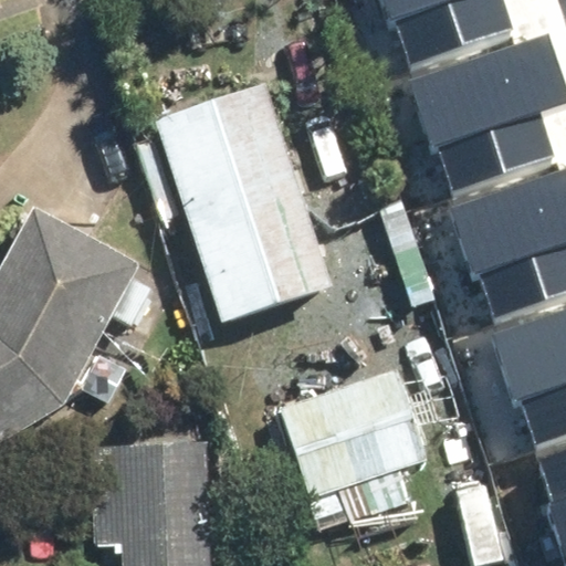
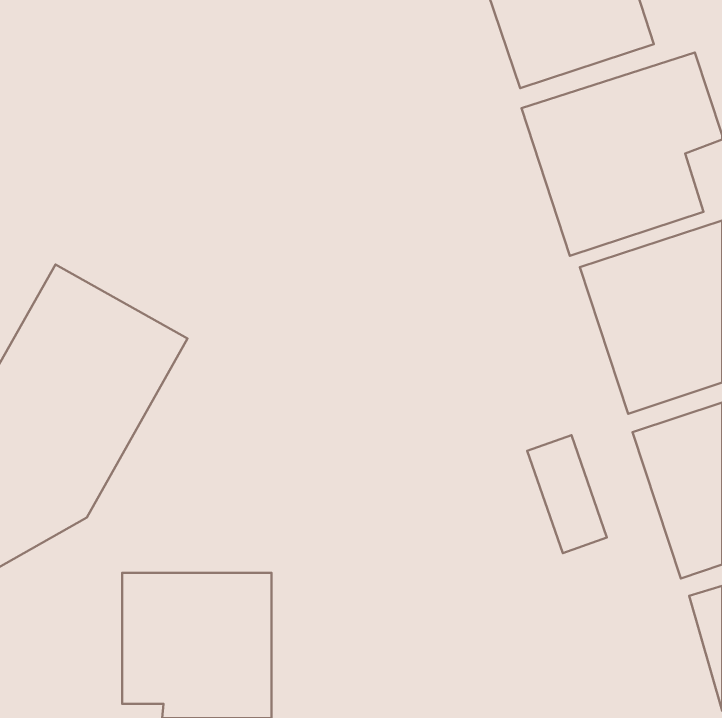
building: [159,81,337,322] -> none
building: [283,367,430,521] -> none

